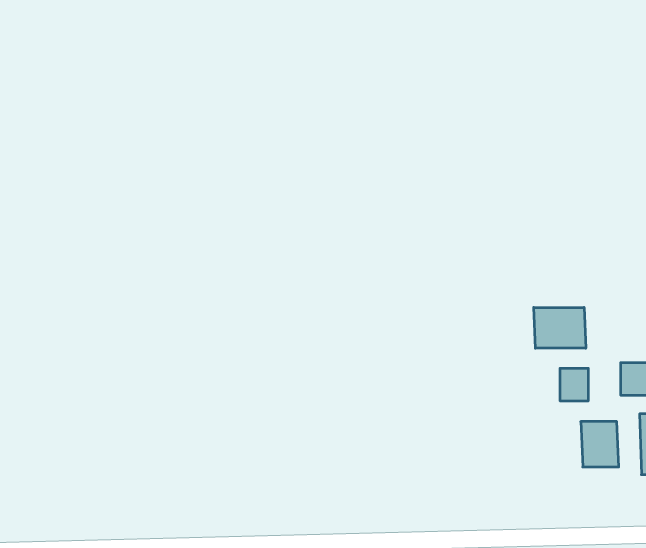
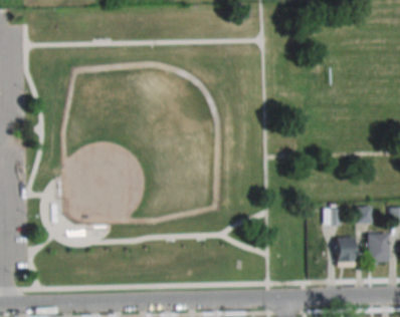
building: [534,307,586,348] -> none

